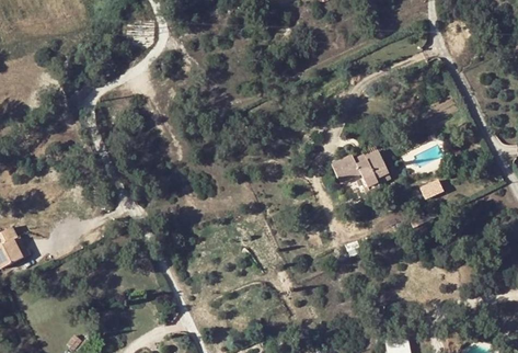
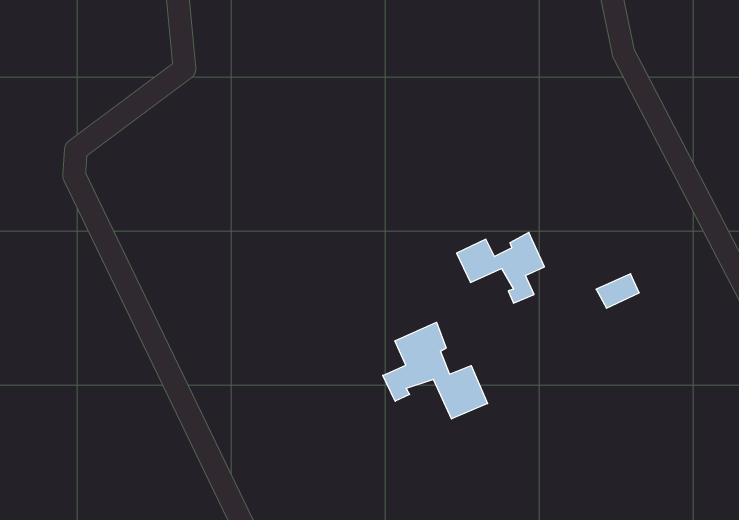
building: none -> [383,322,488,419]

